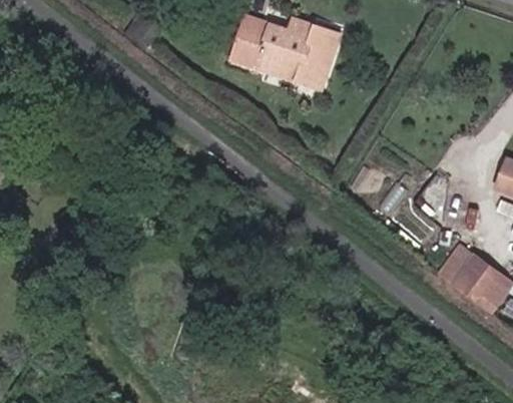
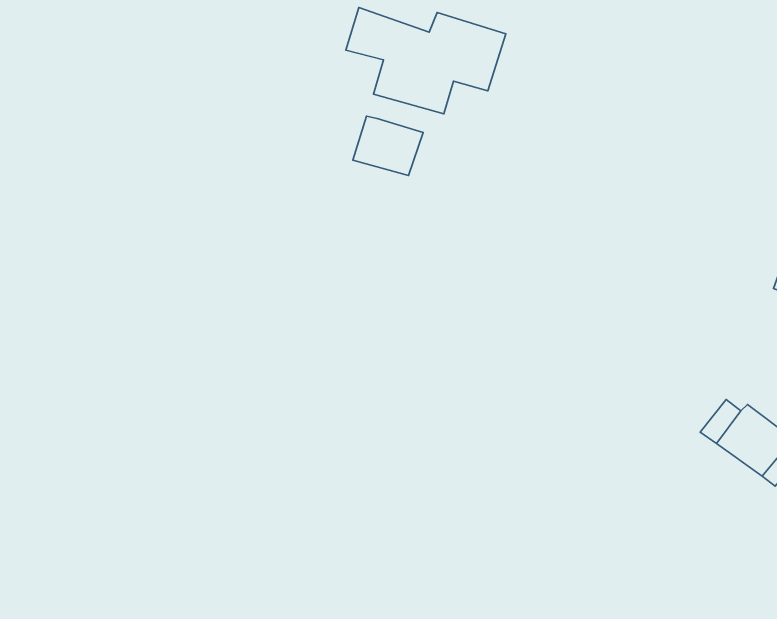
building: none -> [353,116,423,175]

